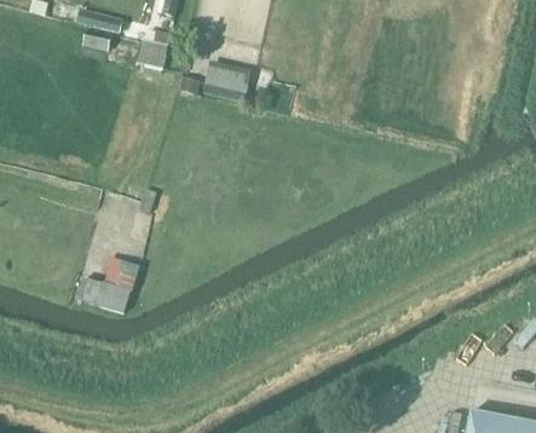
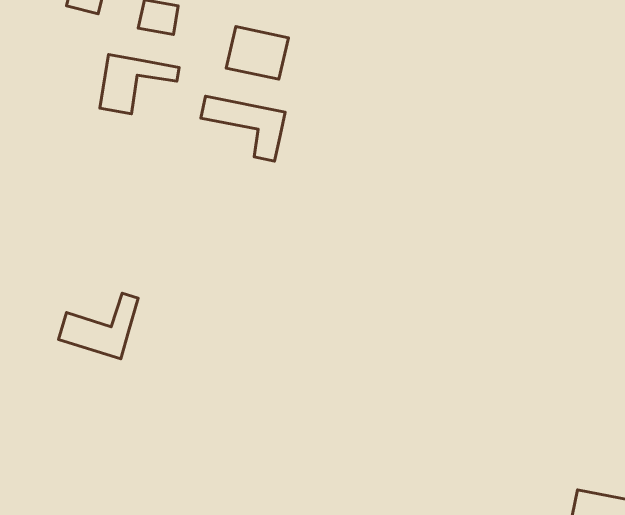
building: none -> [100,54,179,114]
building: none -> [201,96,285,161]

